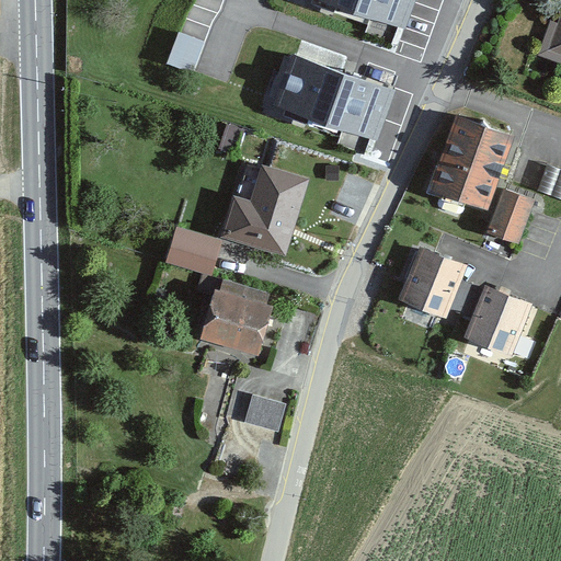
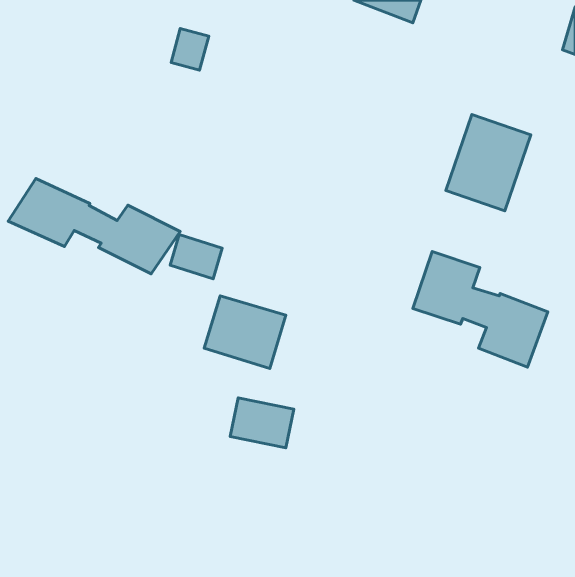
building: [274,55,389,134] -> none
building: [219,165,308,259] -> none
building: none -> [8,179,180,274]
building: [484,188,531,243] -> none

